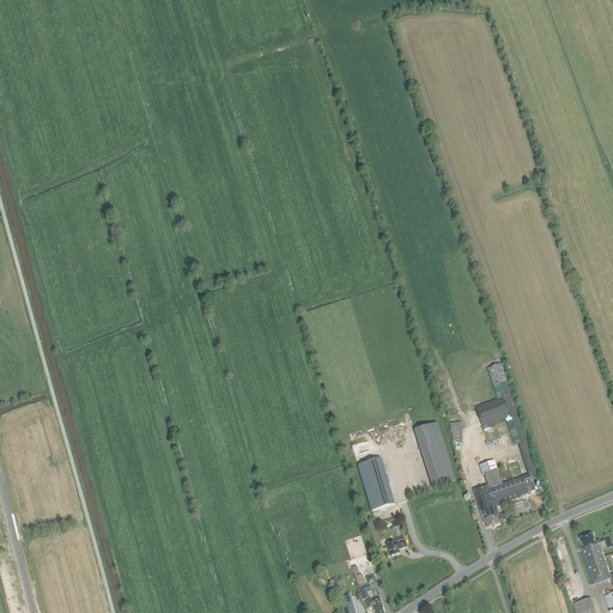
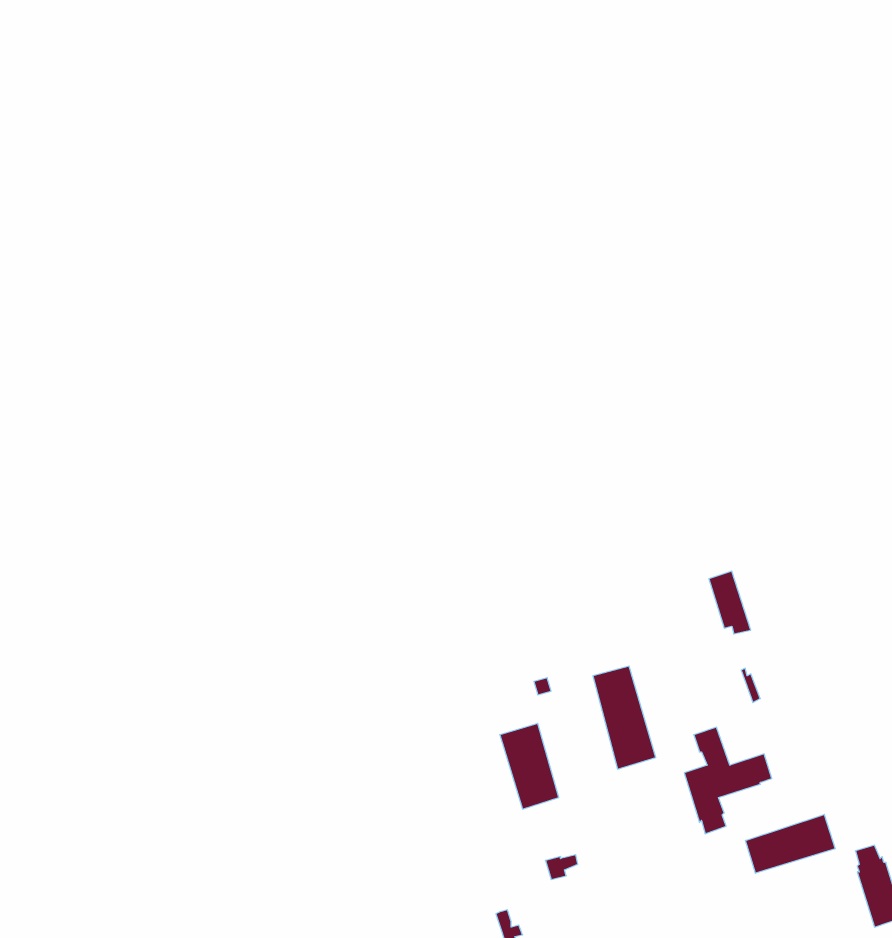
building: [474,395,509,425] -> none
building: none -> [746,814,835,873]

